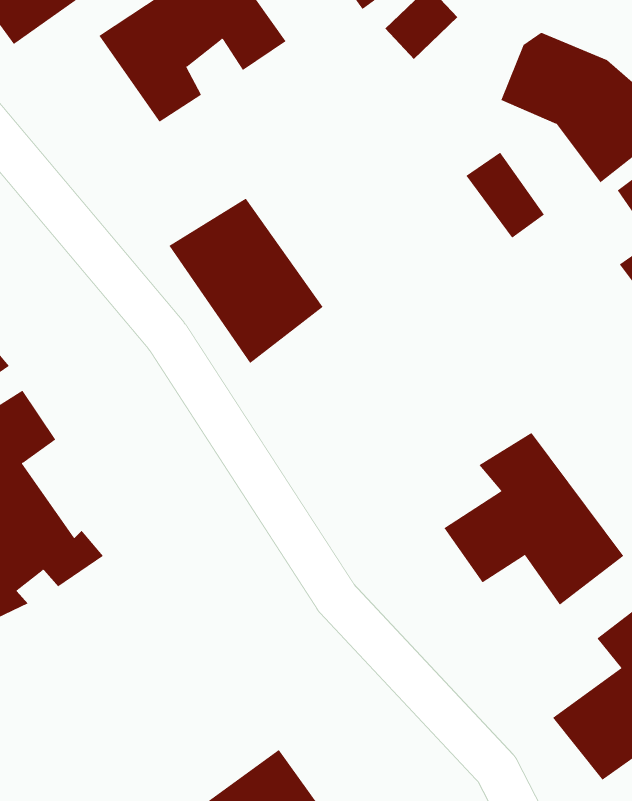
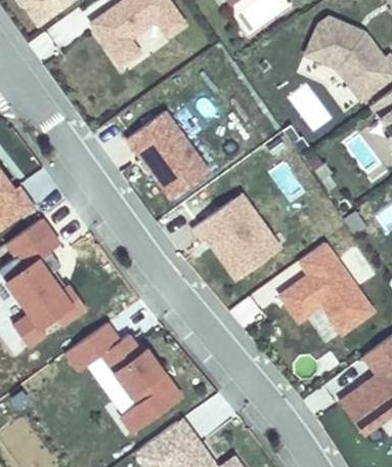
building: none -> [189,194,282,281]
building: none -> [64,322,182,441]

